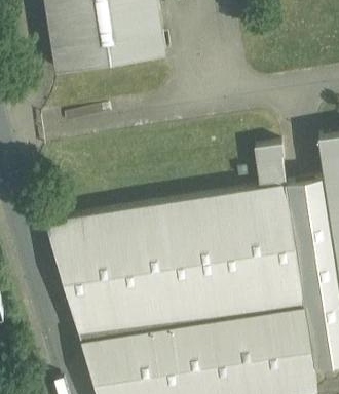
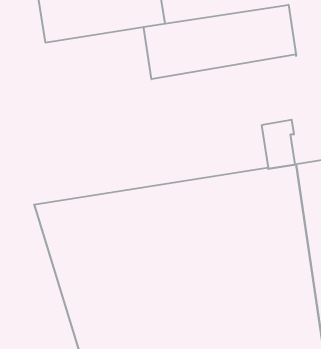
building: none -> [143,5,296,79]

